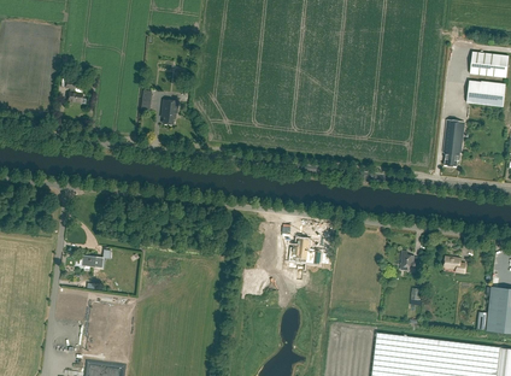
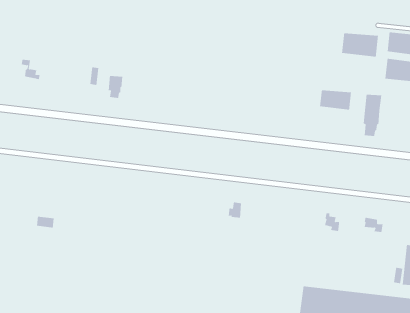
building: none -> [342,33,378,57]
building: none -> [320,89,351,110]

